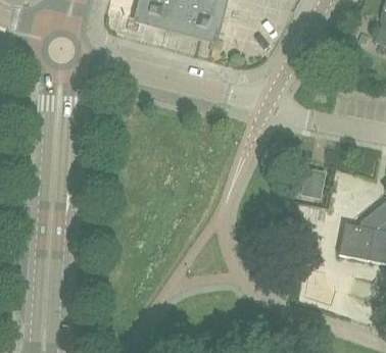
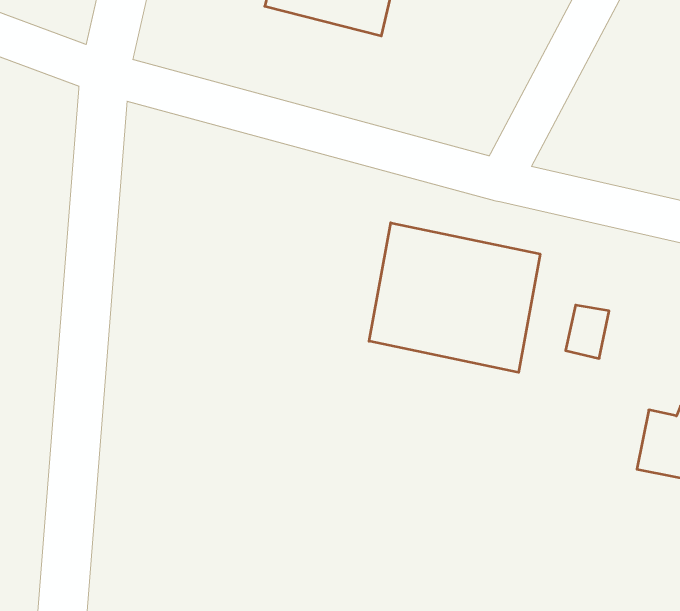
building: none -> [369,223,540,372]

